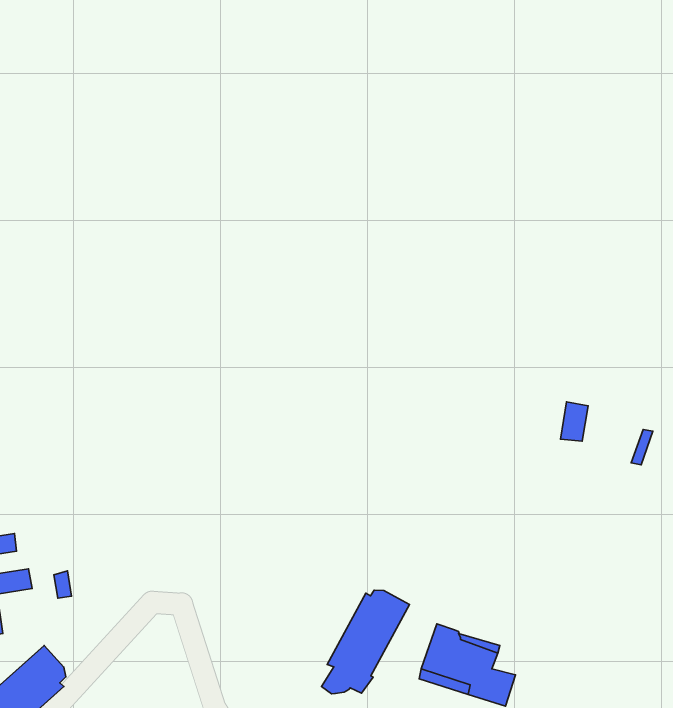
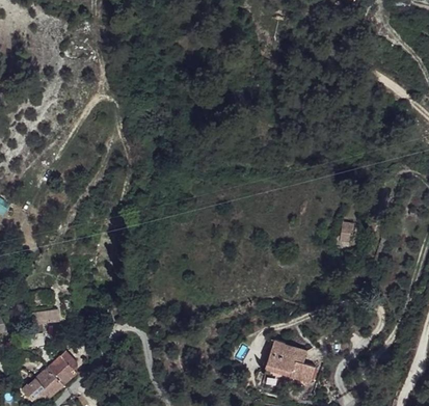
building: [321,590,409,694] -> none

